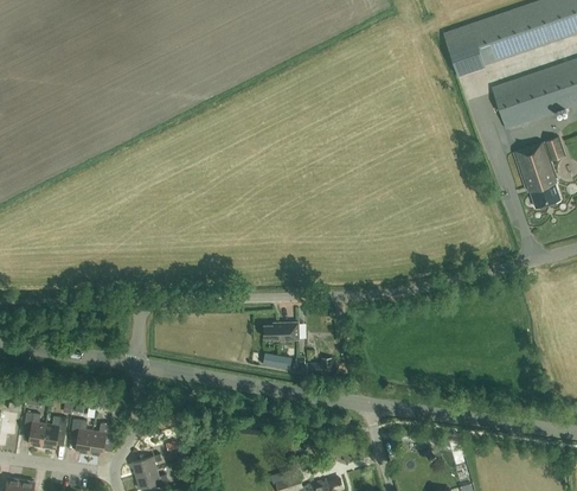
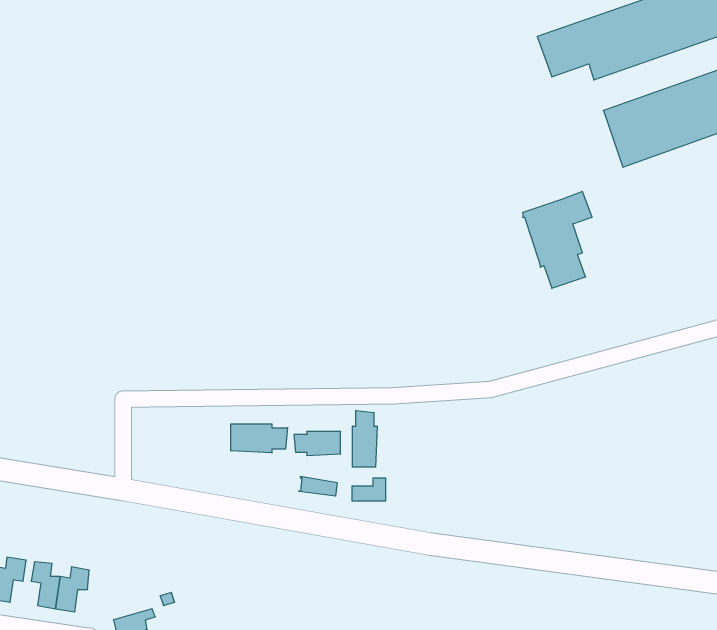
building: [514,138,565,209] -> [523,191,592,288]
building: none -> [353,410,377,467]
building: none -> [231,424,288,453]

